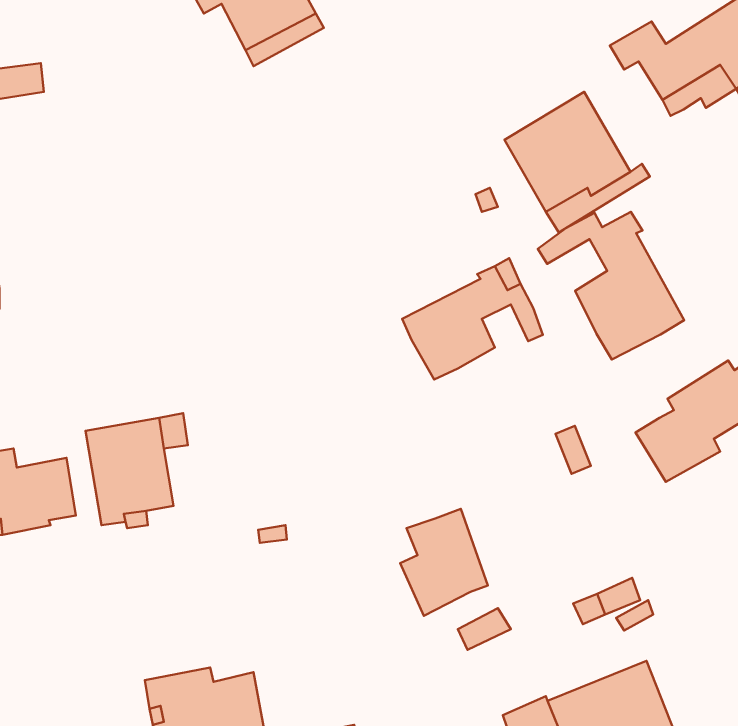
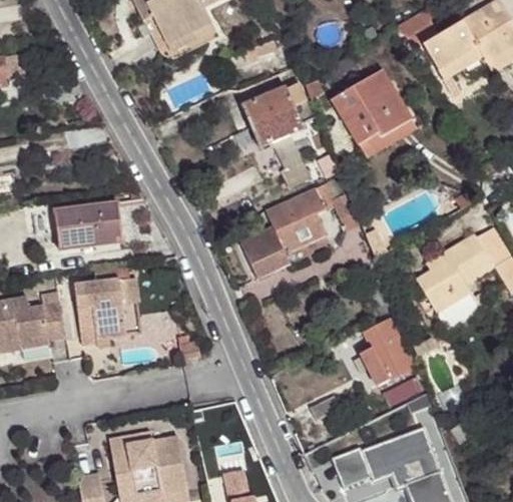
building: none -> [241,82,316,184]
building: [538,212,684,359] -> none
building: none -> [51,200,119,248]
building: none -> [243,224,295,279]
building: [400,509,488,616] -> [361,318,416,385]

